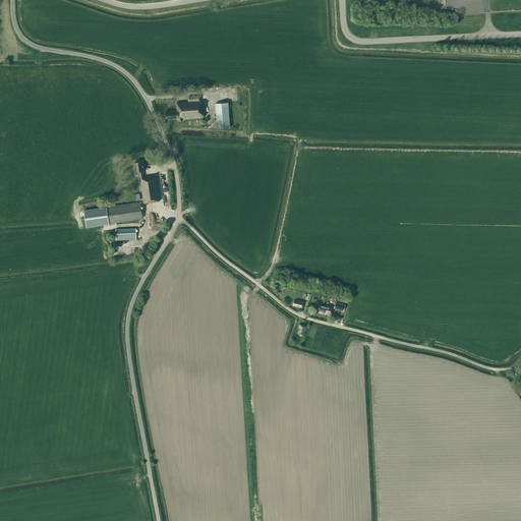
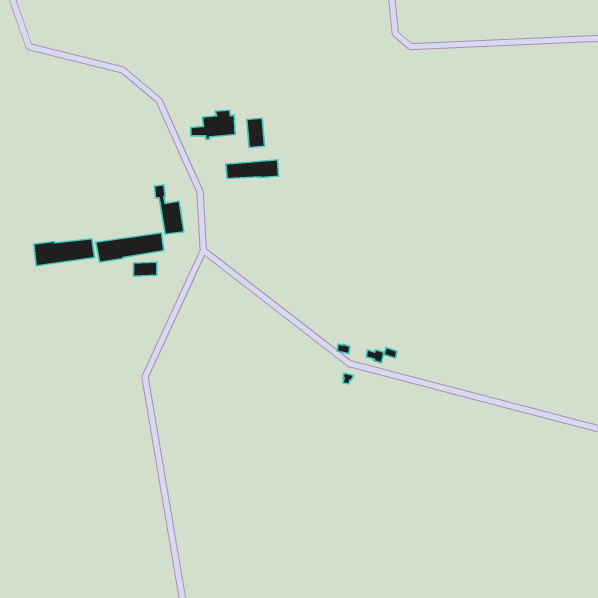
building: none -> [226,160,278,178]
building: none -> [34,239,95,266]

